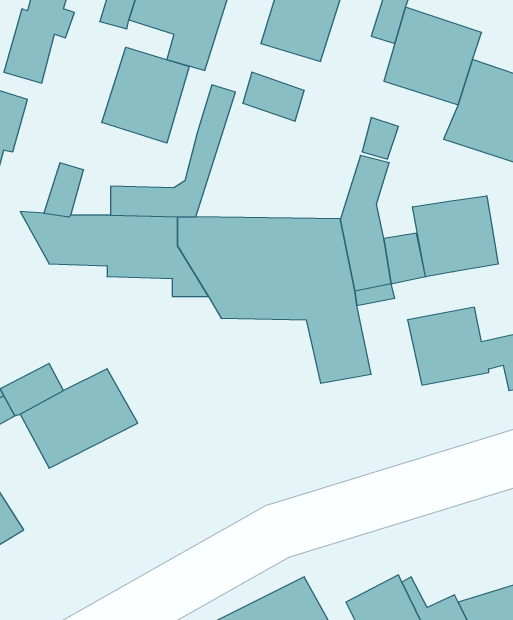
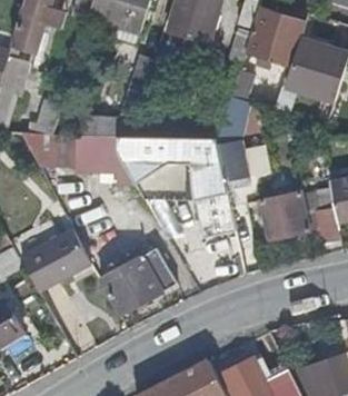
building: [102,47,189,143] -> none
building: [413,196,498,277] -> none
building: none -> [102,248,179,314]

